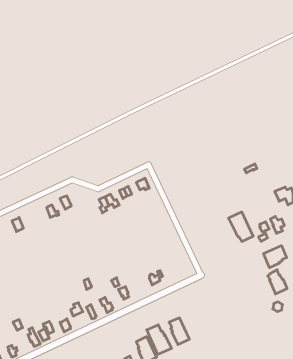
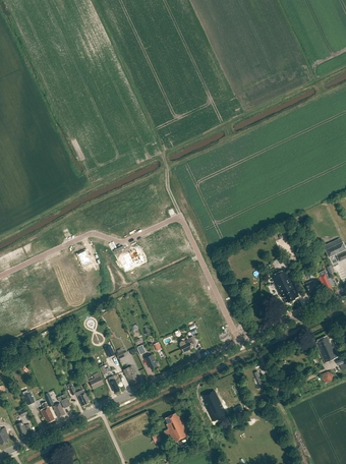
building: [264,246,287,268] -> none
building: [147,325,171,354] -> none

